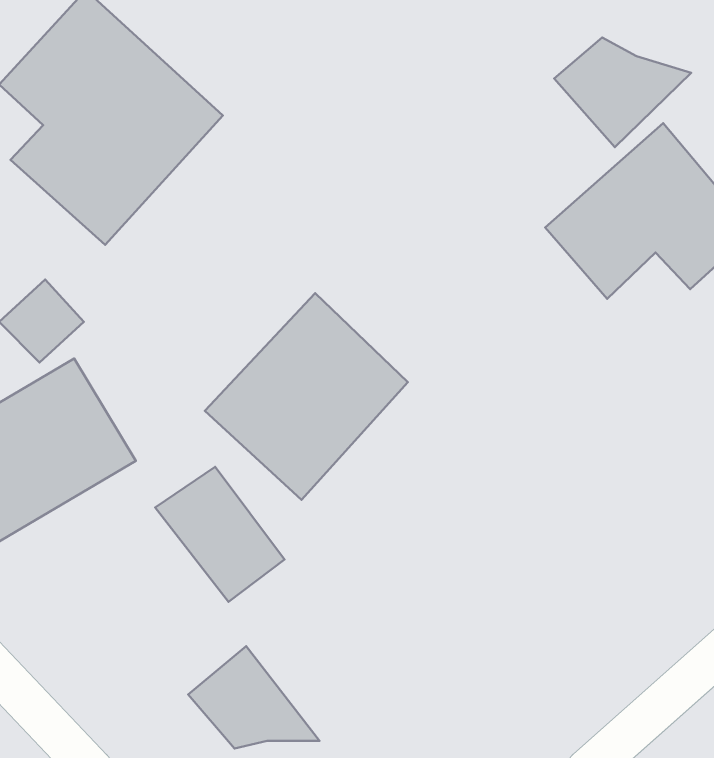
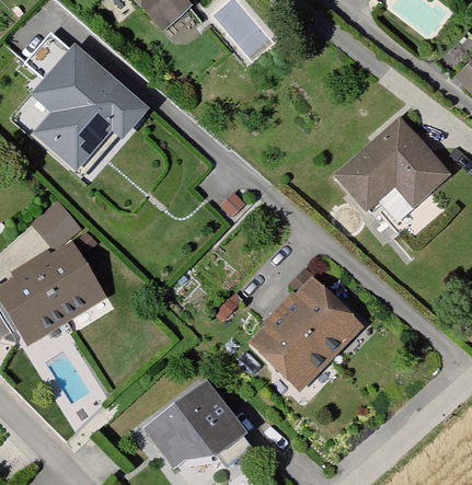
building: [554,38,691,147] -> none
building: [205,293,408,500] -> [249,272,364,389]
building: [155,467,285,602] -> [165,386,239,463]

